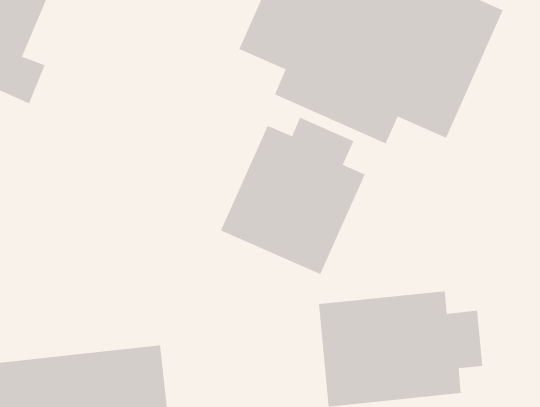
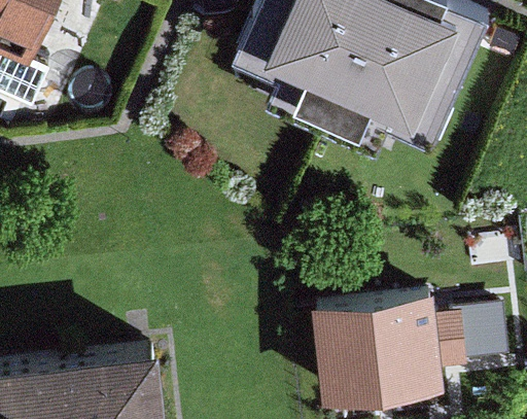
building: [220,117,365,275] -> none

